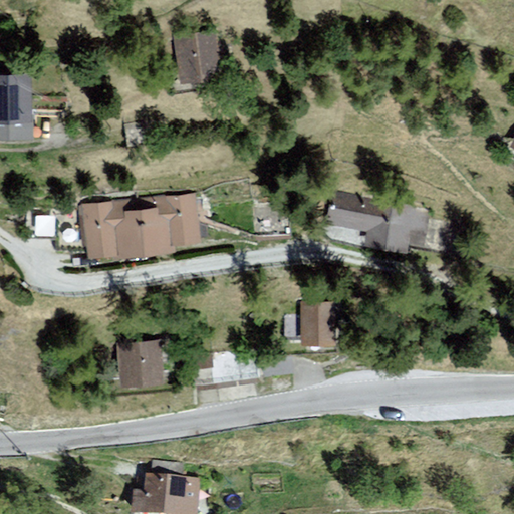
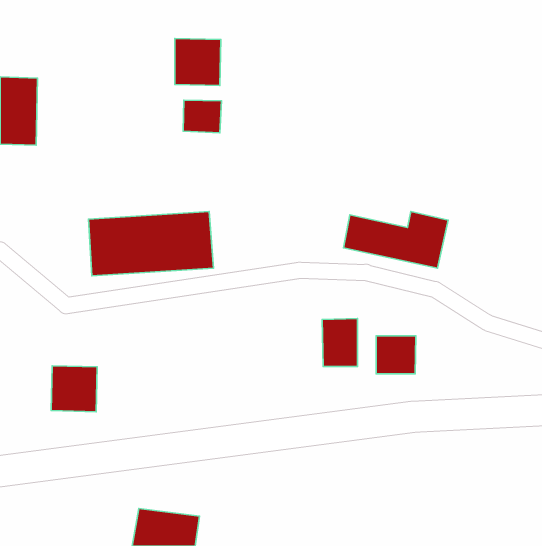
building: none -> [183,100,221,133]
building: none -> [376,336,416,374]
building: [106,344,150,388] -> [51,366,97,412]

